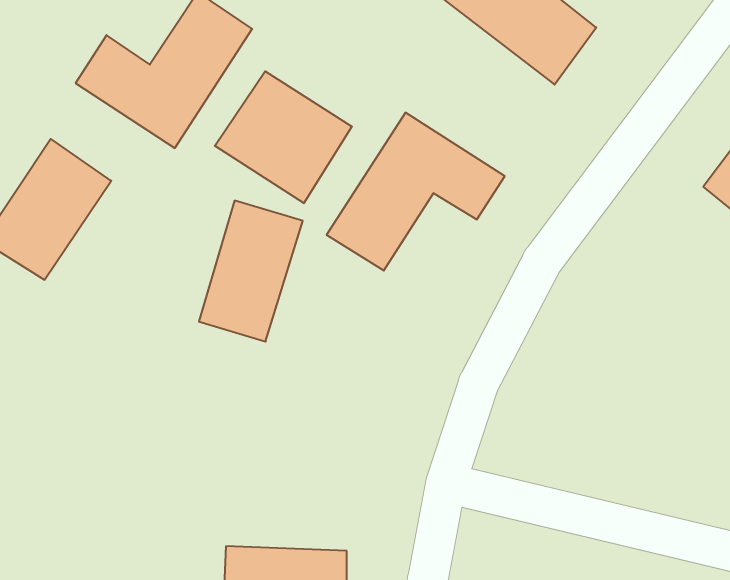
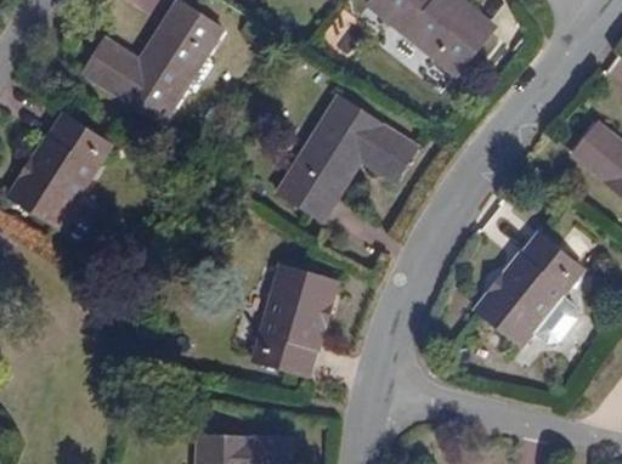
building: [215,71,352,203] -> none
building: [199,201,303,342] -> [255,265,337,375]
building: none -> [474,232,582,346]

